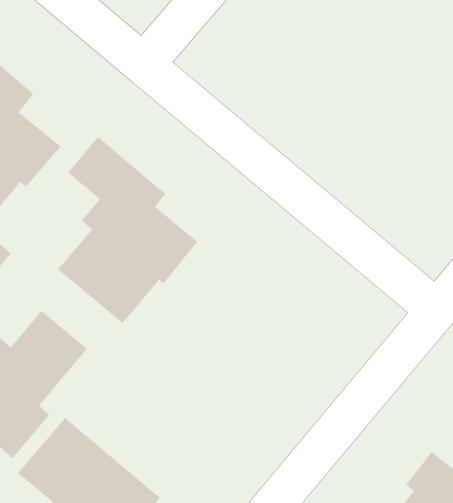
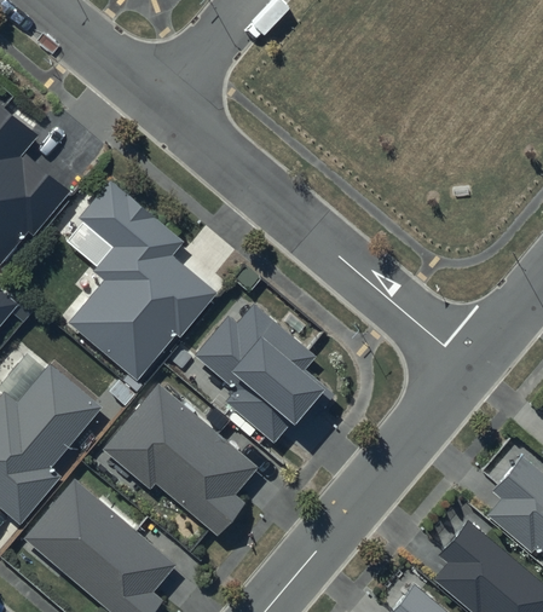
building: none -> [196,305,325,443]
building: none -> [103,385,259,537]

